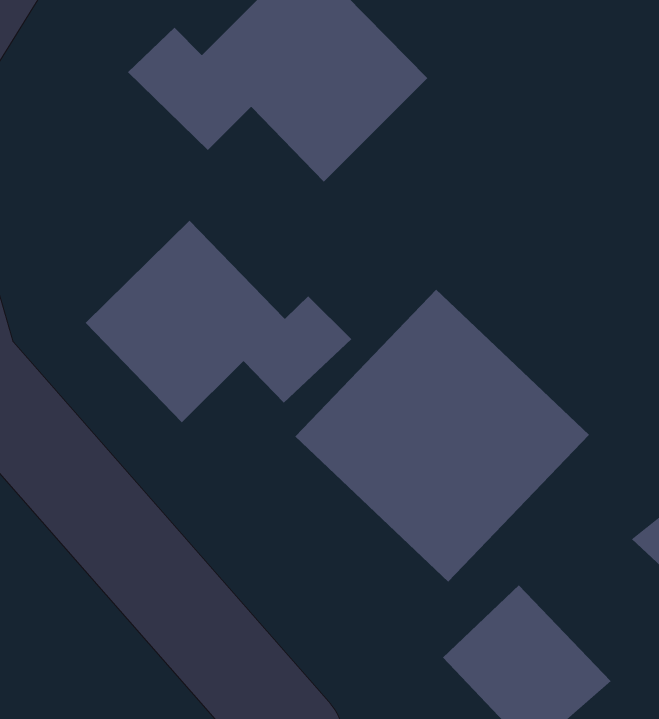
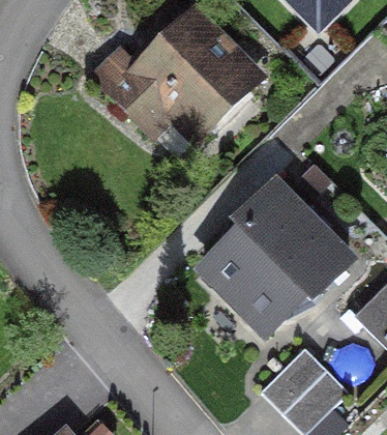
building: [85,220,352,423] -> none

